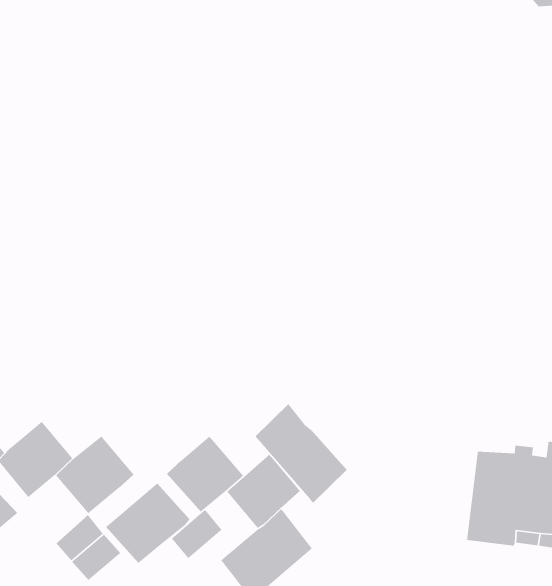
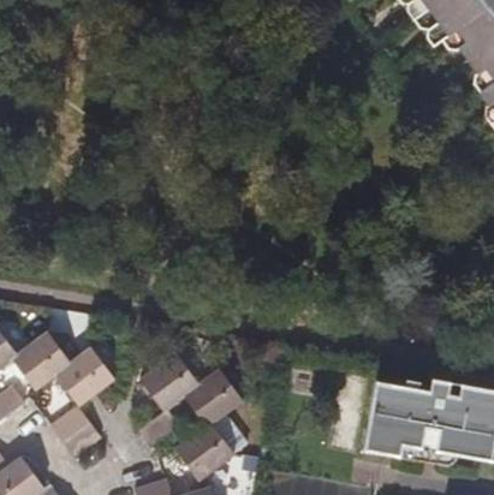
building: [254,403,348,503] -> none
building: [105,482,191,564] -> none

